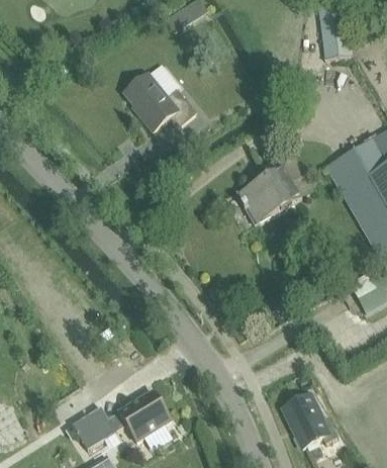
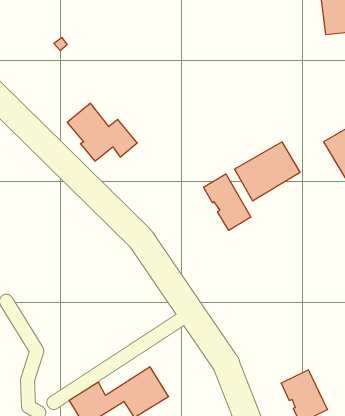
building: [124,72,194,129] -> [67,103,137,161]
building: none -> [203,174,251,230]

